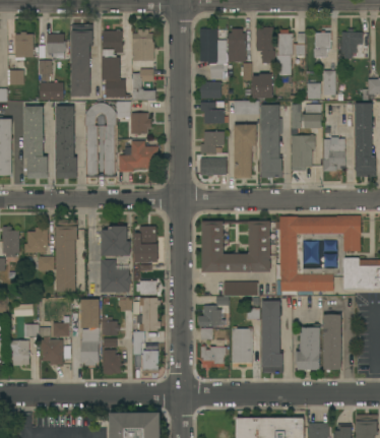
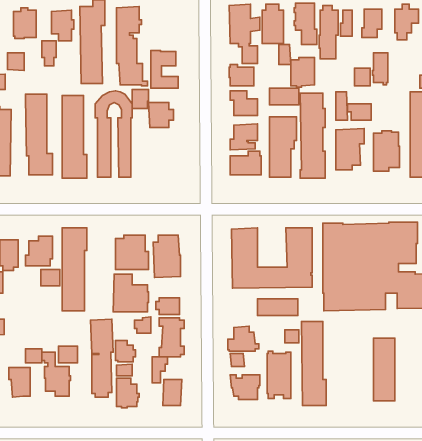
building: [133,29,153,61] -> none
building: [40,82,63,101] -> none
building: [118,140,159,172] -> none
building: [296,324,320,370] -> none

